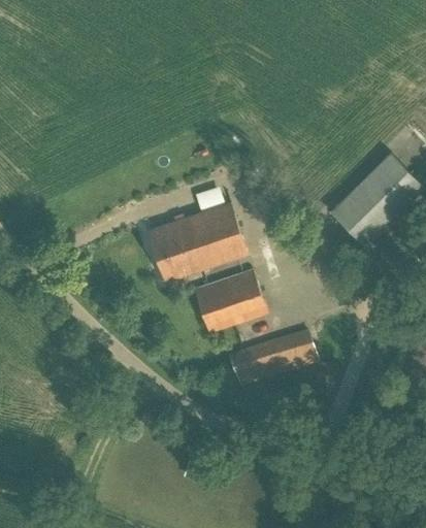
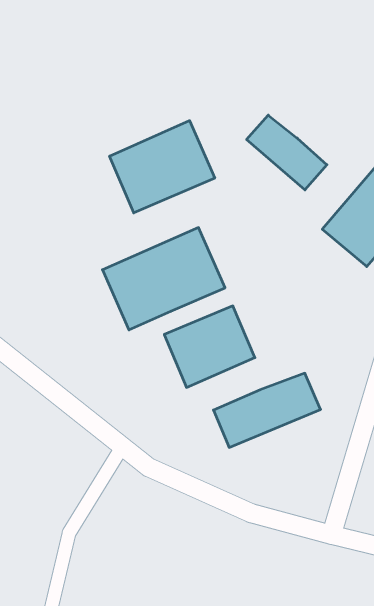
building: none -> [110,121,215,213]
building: none -> [247,115,327,190]

